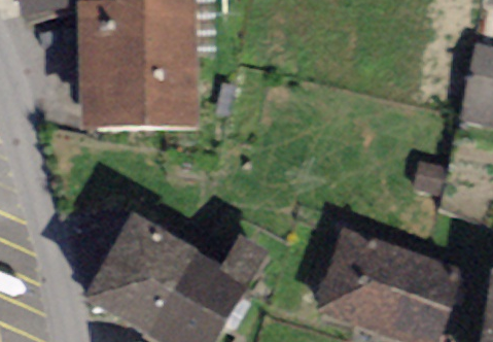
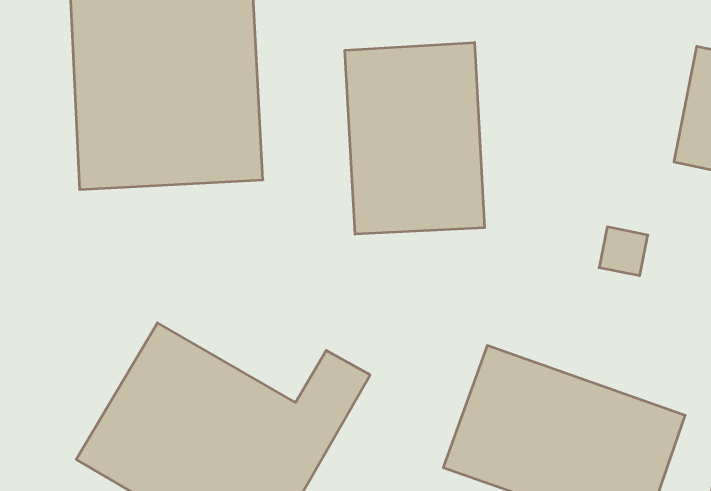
building: none -> [345,42,484,234]

